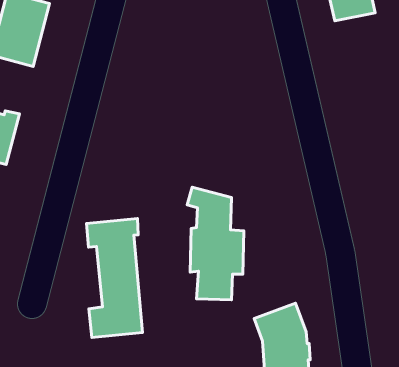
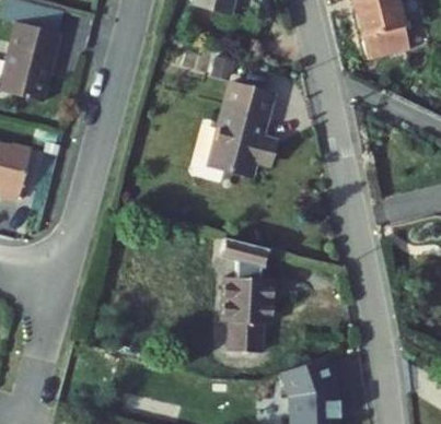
building: none -> [205,74,286,170]
building: [87,218,143,337] -> none

